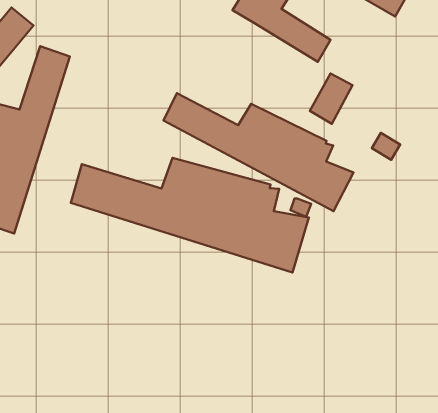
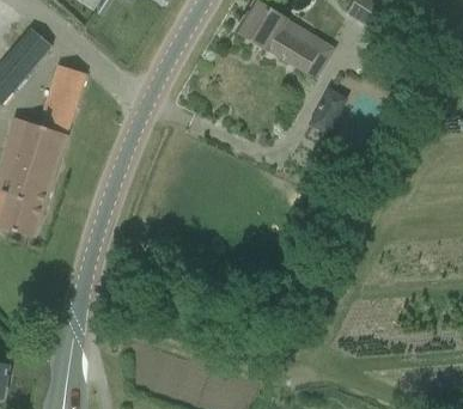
building: [163,93,353,211] -> none
building: [71,158,309,273] -> none

